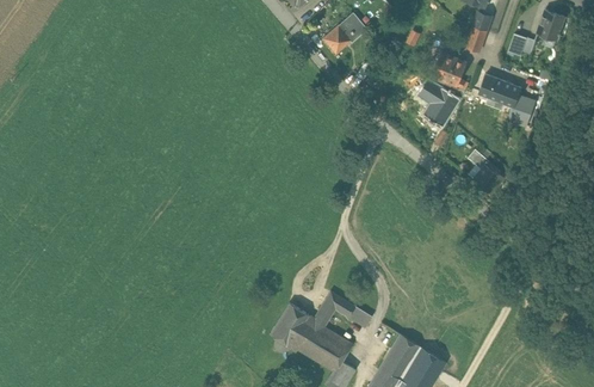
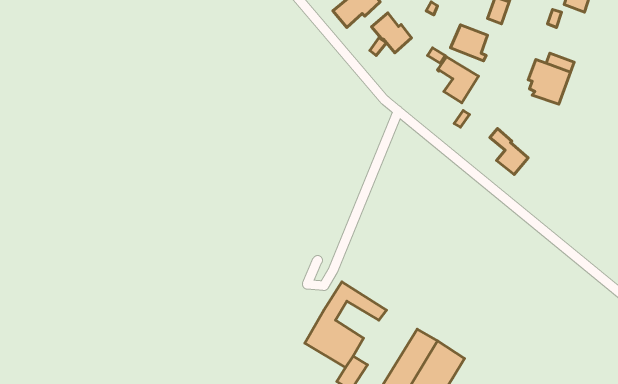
building: none -> [372,13,412,53]
building: [481,74,512,107] -> none
building: [270,303,314,351] -> none

